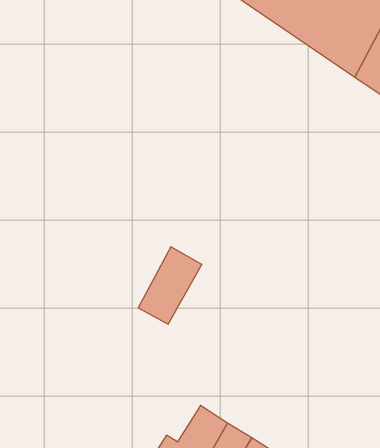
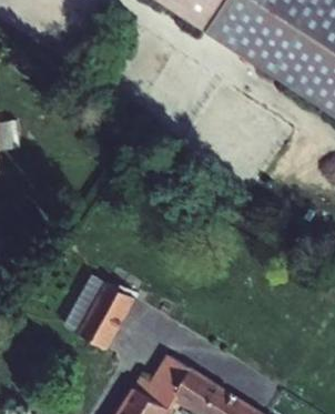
building: [138,247,202,324] -> [79,284,131,347]

